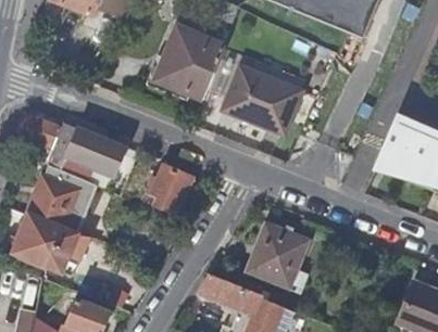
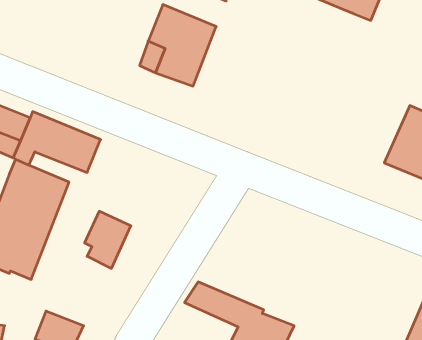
building: [223,66,301,136] -> none
building: [149,164,190,215] -> [85,211,131,268]
building: [247,222,306,286] -> none

